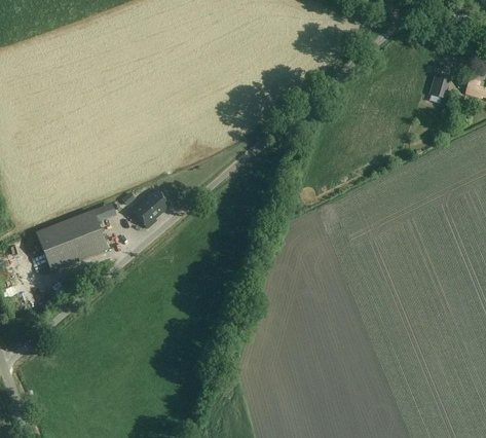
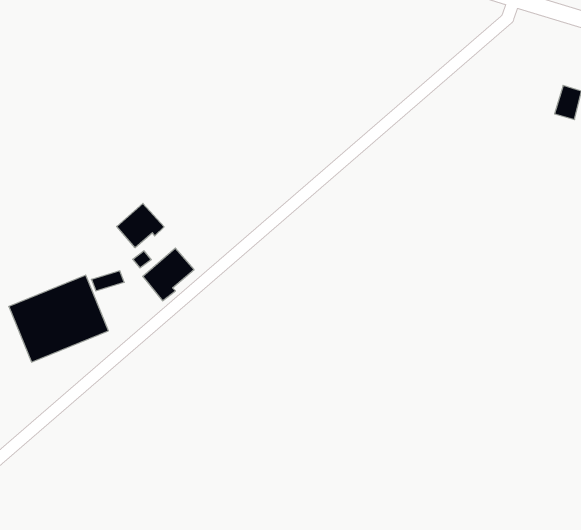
building: none -> [117,203,164,248]

